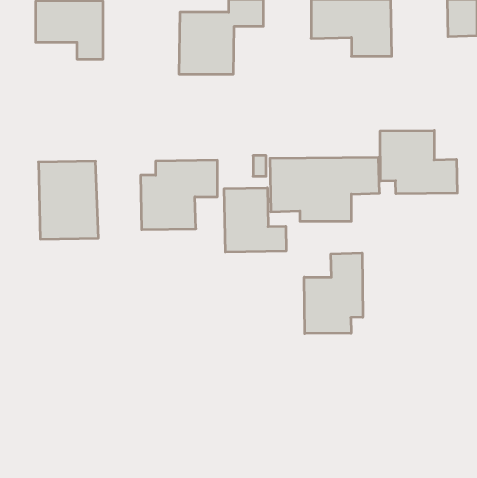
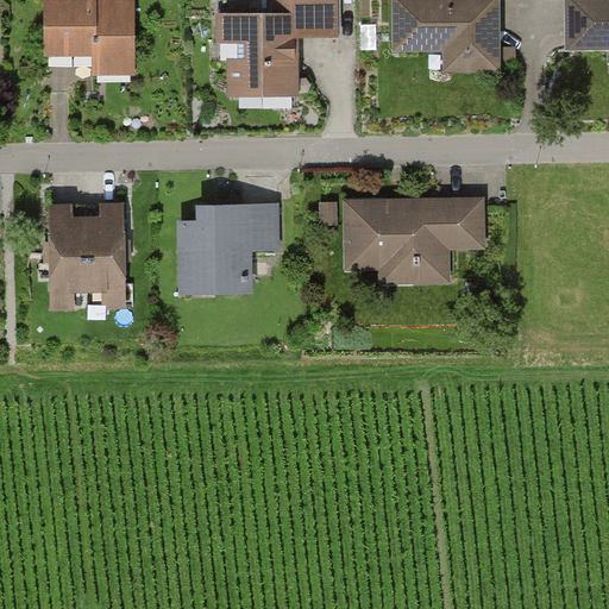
building: [380,130,457,194] -> none
building: [224,188,286,252] -> none
building: [304,253,363,334] -> none

